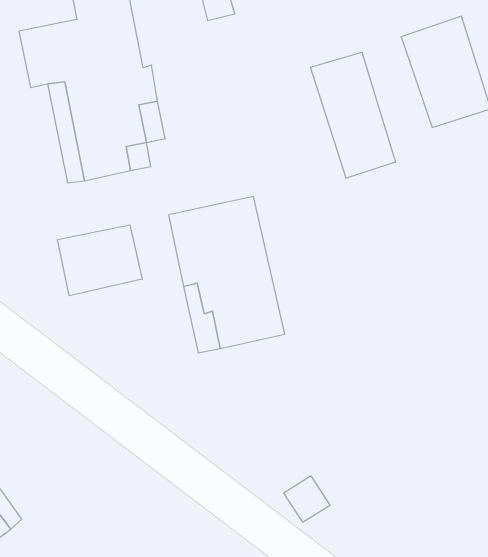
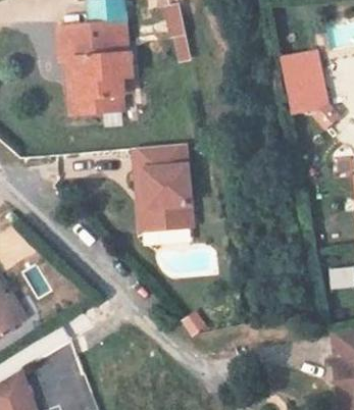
building: [311,52,395,178] -> none
building: [57,225,142,296] -> none

